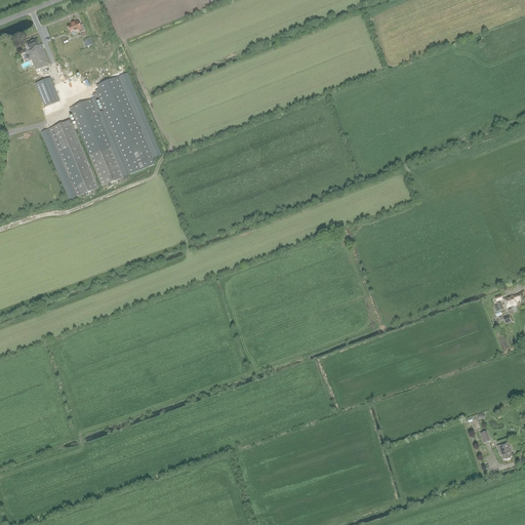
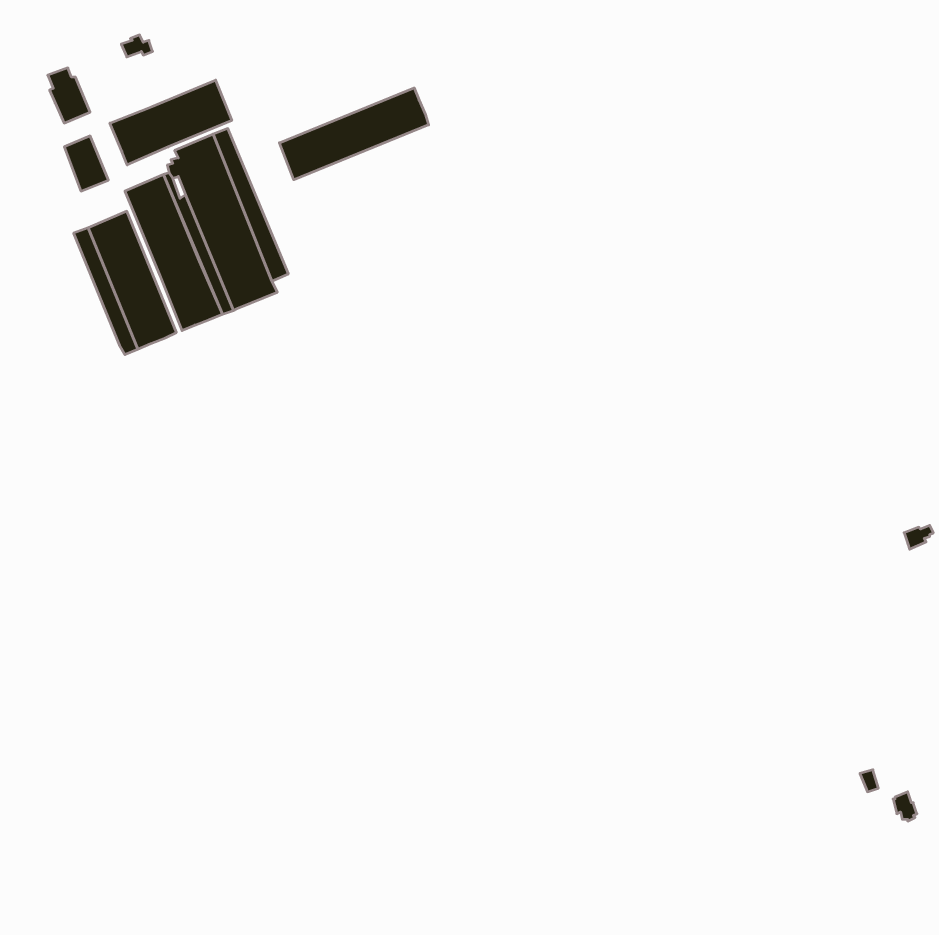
building: none -> [110,80,232,165]
building: none -> [279,88,429,180]

